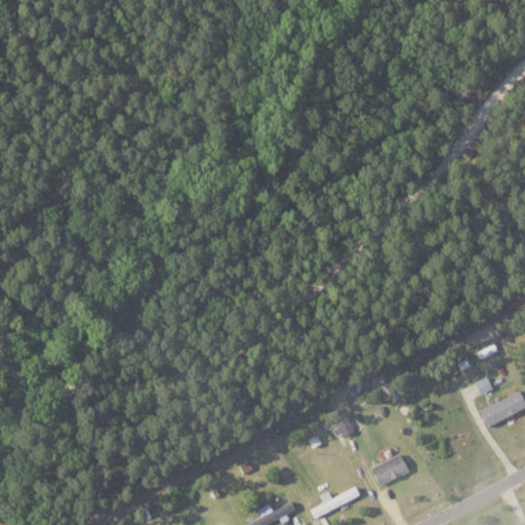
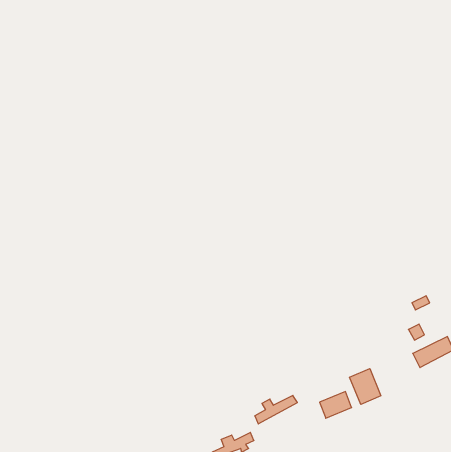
building: none -> [350,369,381,404]
building: [312,487,361,520] -> [255,395,297,424]

